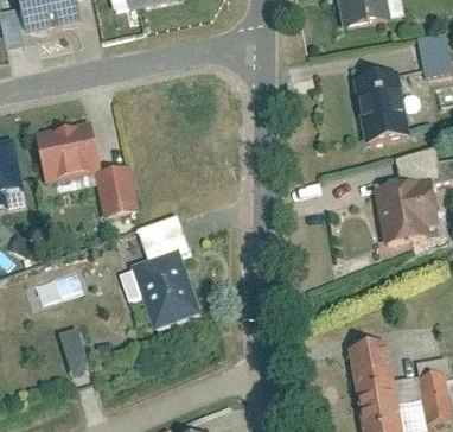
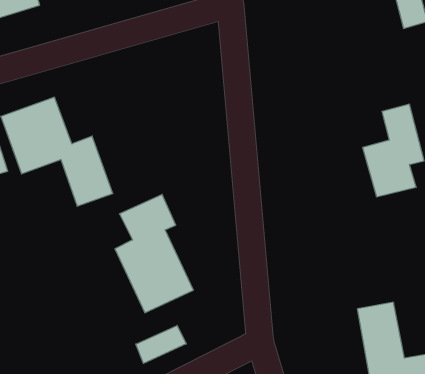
building: [358,70,403,131] -> none
building: [57,330,88,377] -> none
building: none -> [136,325,186,363]

